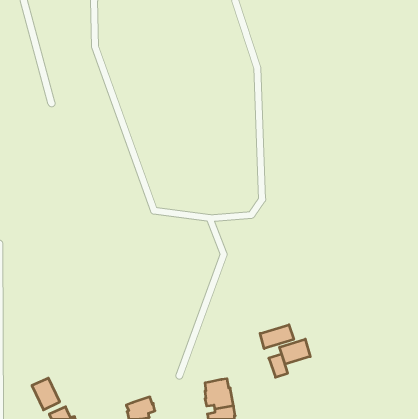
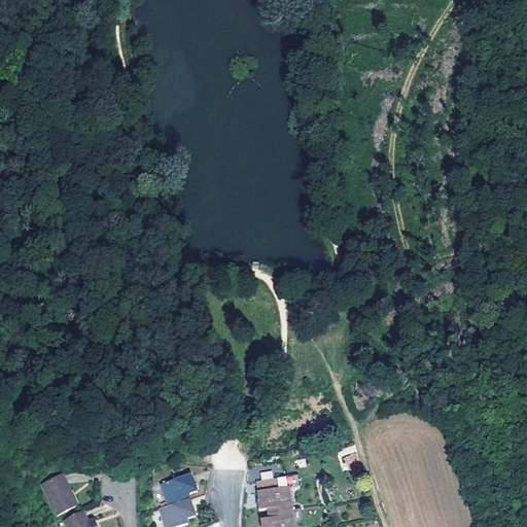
building: [260,325,294,349] -> none
building: [280,339,310,364] -> none
building: none -> [162,473,197,505]

